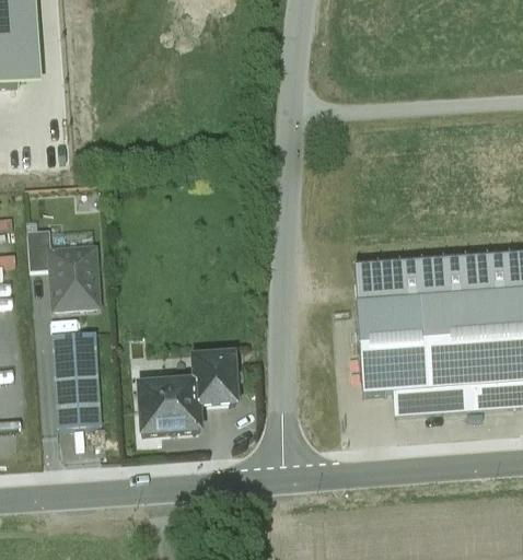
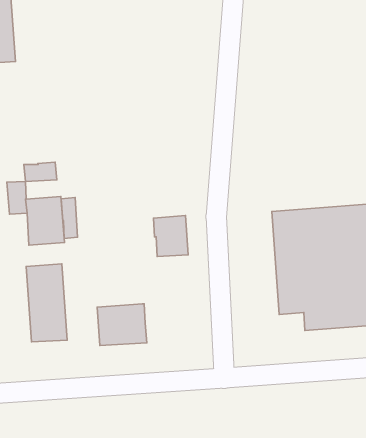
building: none -> [24,162,57,181]
building: none -> [61,198,78,238]
building: [194,352,236,402] -> [153,216,188,256]

